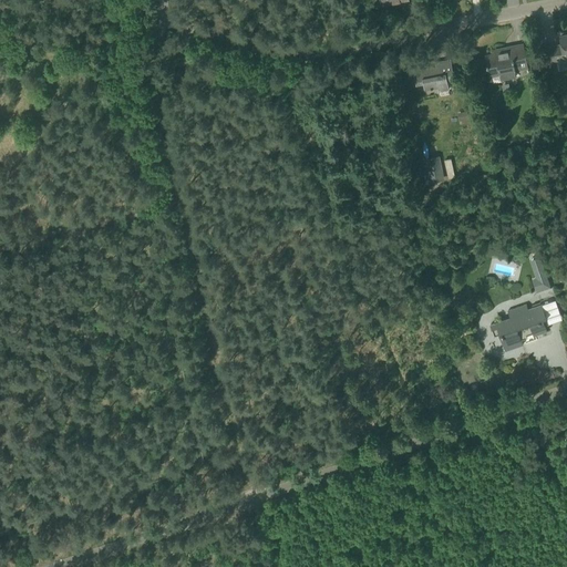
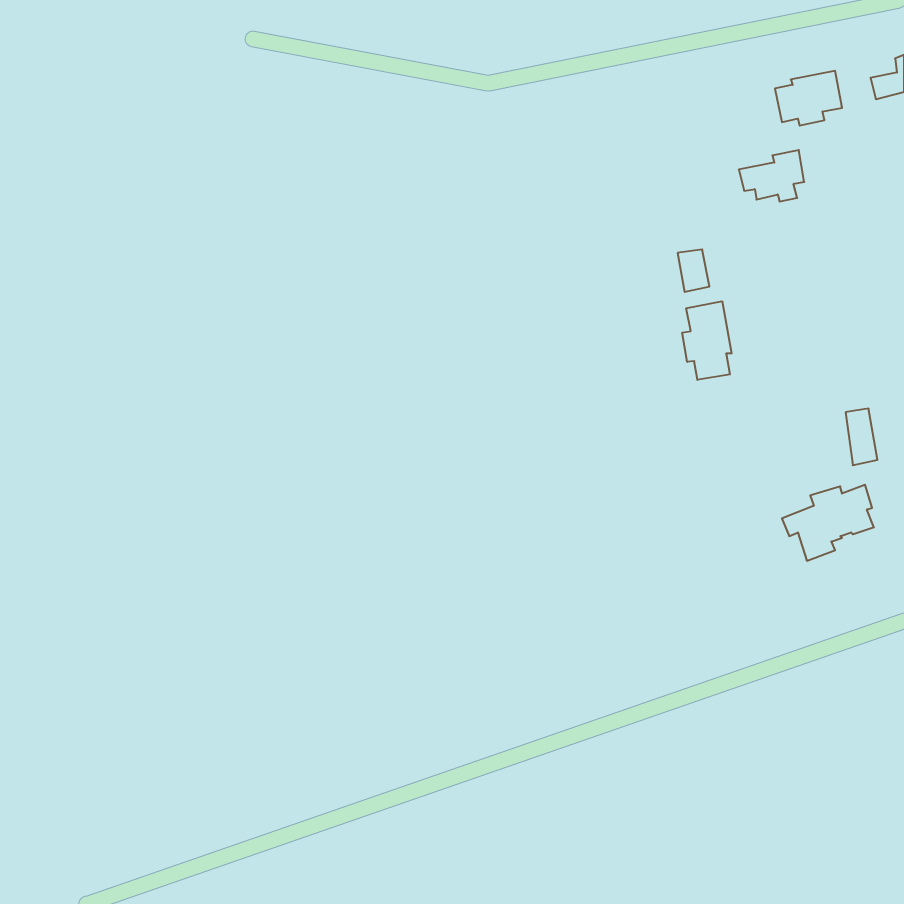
building: [413,59,454,91] -> [739,150,804,201]
building: none -> [682,301,732,380]

